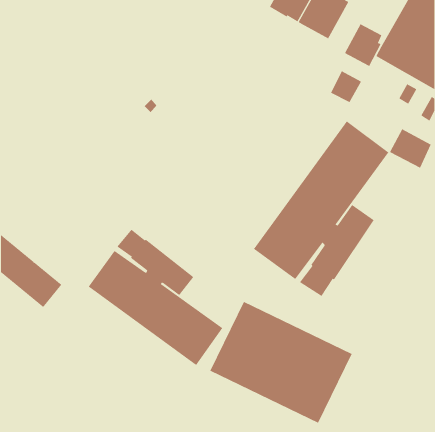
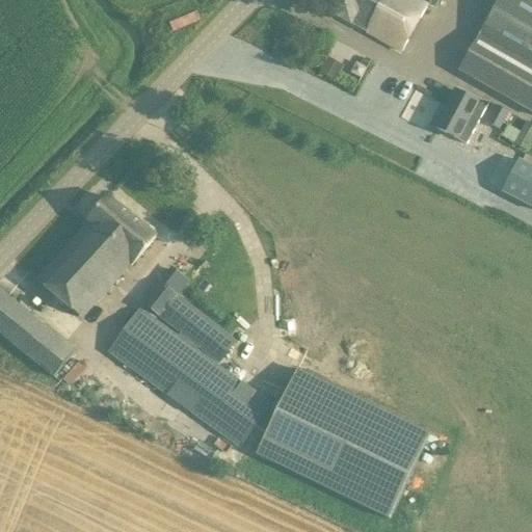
building: [344,23,382,67] -> [435,88,482,141]
building: [253,121,389,297] -> none
building: none -> [37,194,156,316]

